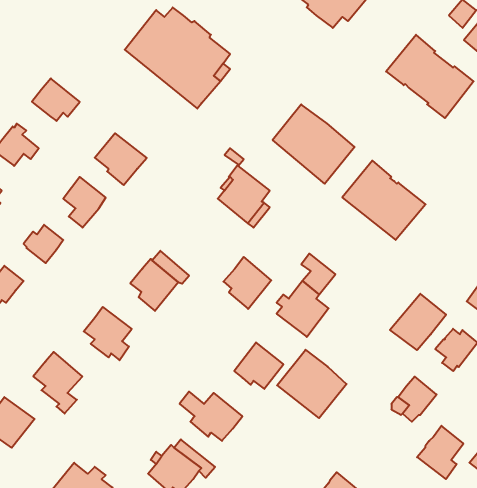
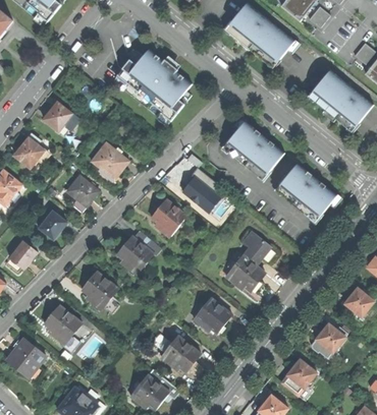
building: [223,257,271,309] -> [151,197,186,236]
building: [390,294,446,350] -> none
building: [277,350,347,418] -> none
building: [417,426,463,479] -> [281,358,316,398]

